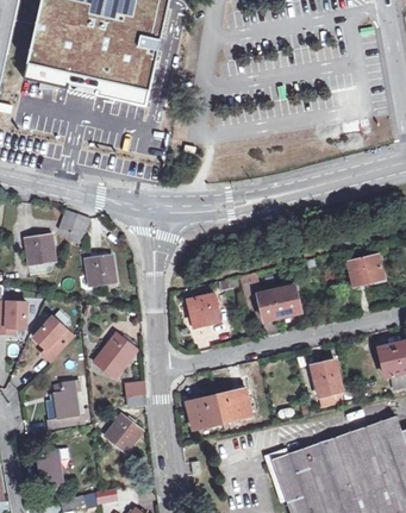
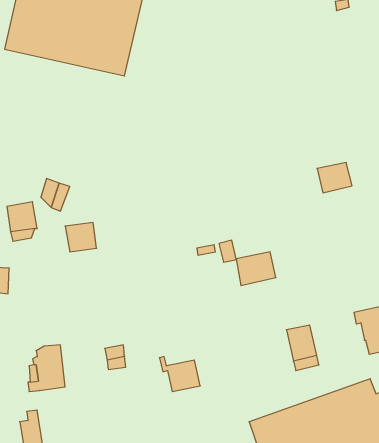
building: [346,254,382,284] -> [317,163,352,193]
building: [186,292,220,323] -> none
building: [32,315,74,361] -> none
building: [93,332,136,377] -> none
building: [216,377,250,421] -> none
building: [104,413,142,451] -> none

